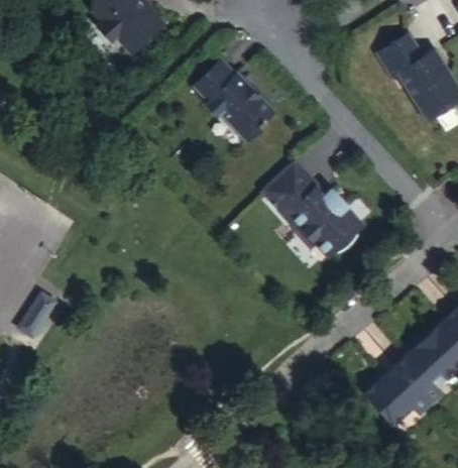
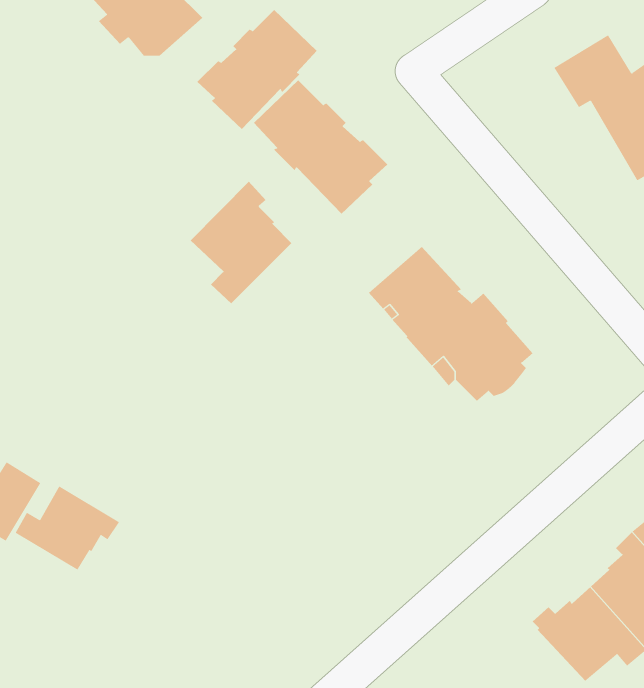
building: none -> [197,9,317,130]
building: none -> [190,181,292,304]
building: none -> [15,486,120,571]

